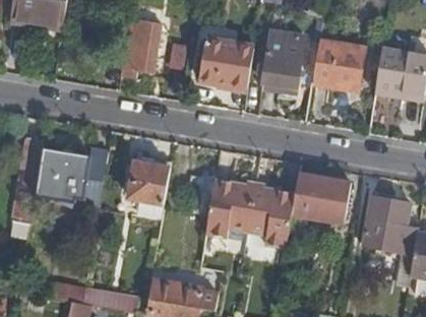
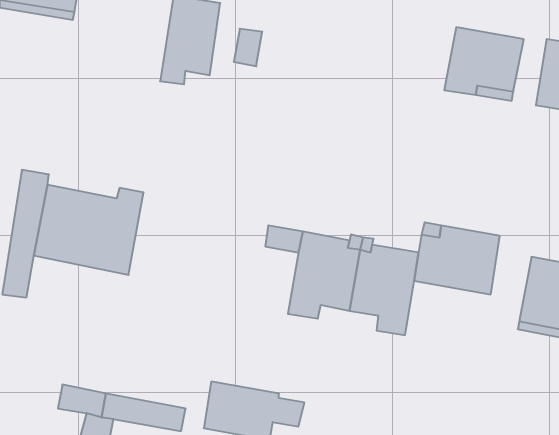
building: [262,34,308,91] -> none
building: [199,41,253,87] -> none
building: [128,160,172,204] -> none

